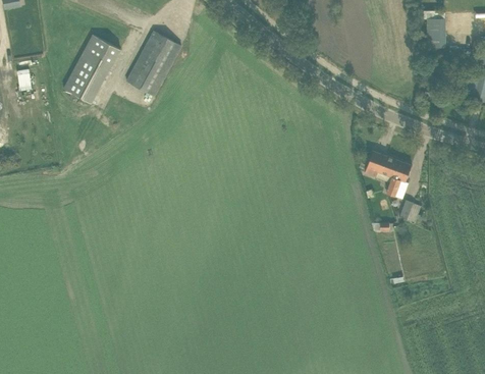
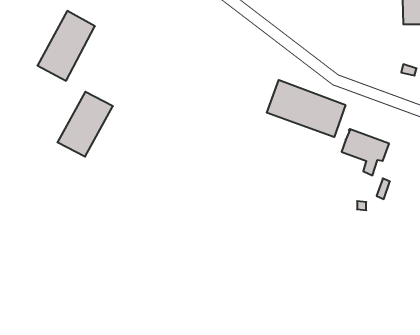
building: [126,31,181,95] -> [57,92,113,157]
building: none -> [267,80,345,137]

